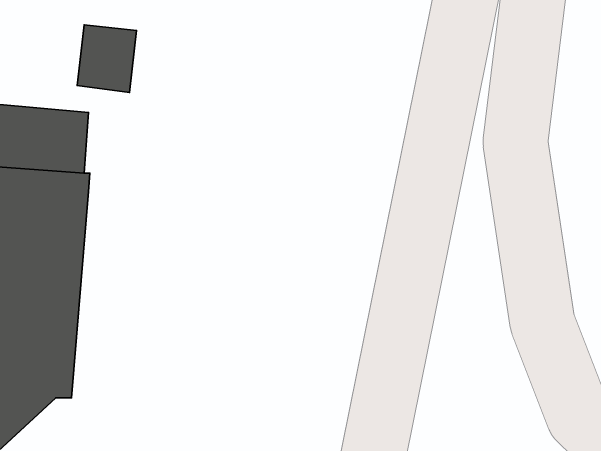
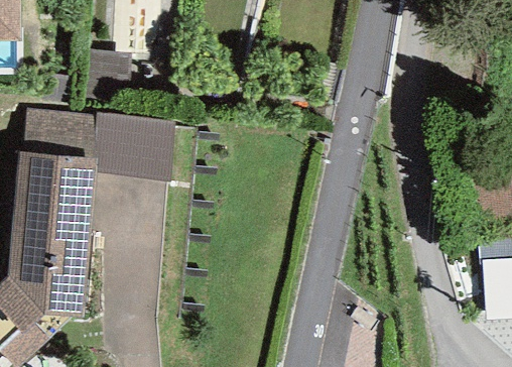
building: none -> [92,114,173,181]

